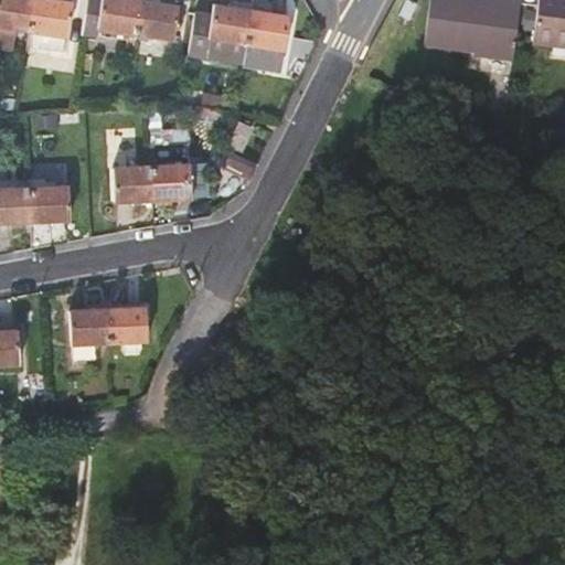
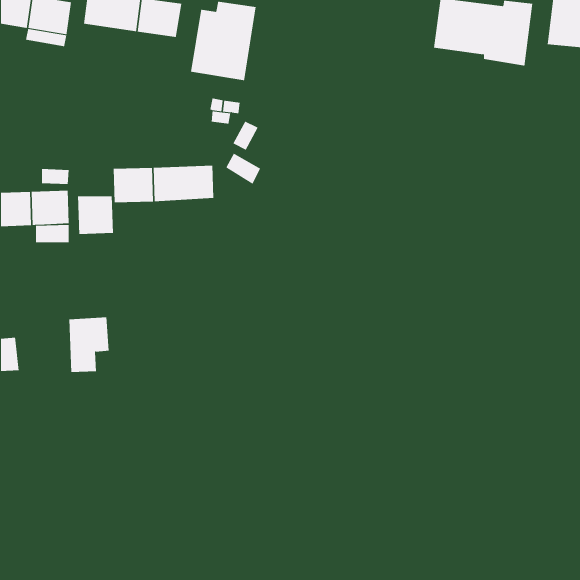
building: [239,7,289,85] -> none
building: none -> [78,196,113,235]
building: [106,305,147,340] -> none

